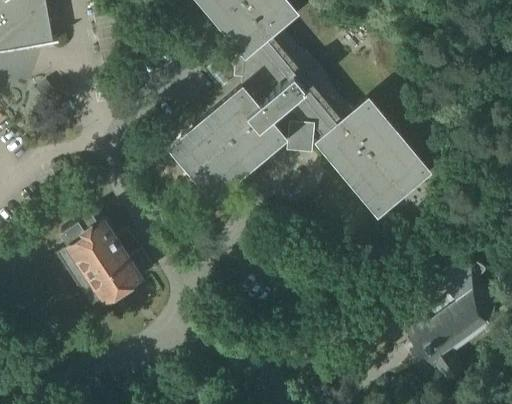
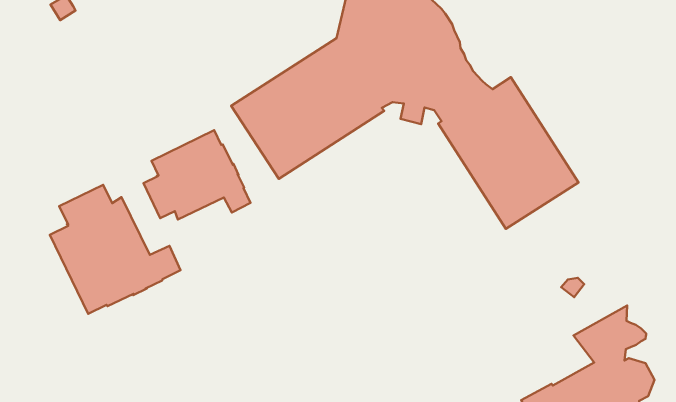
building: none -> [143,130,251,220]

